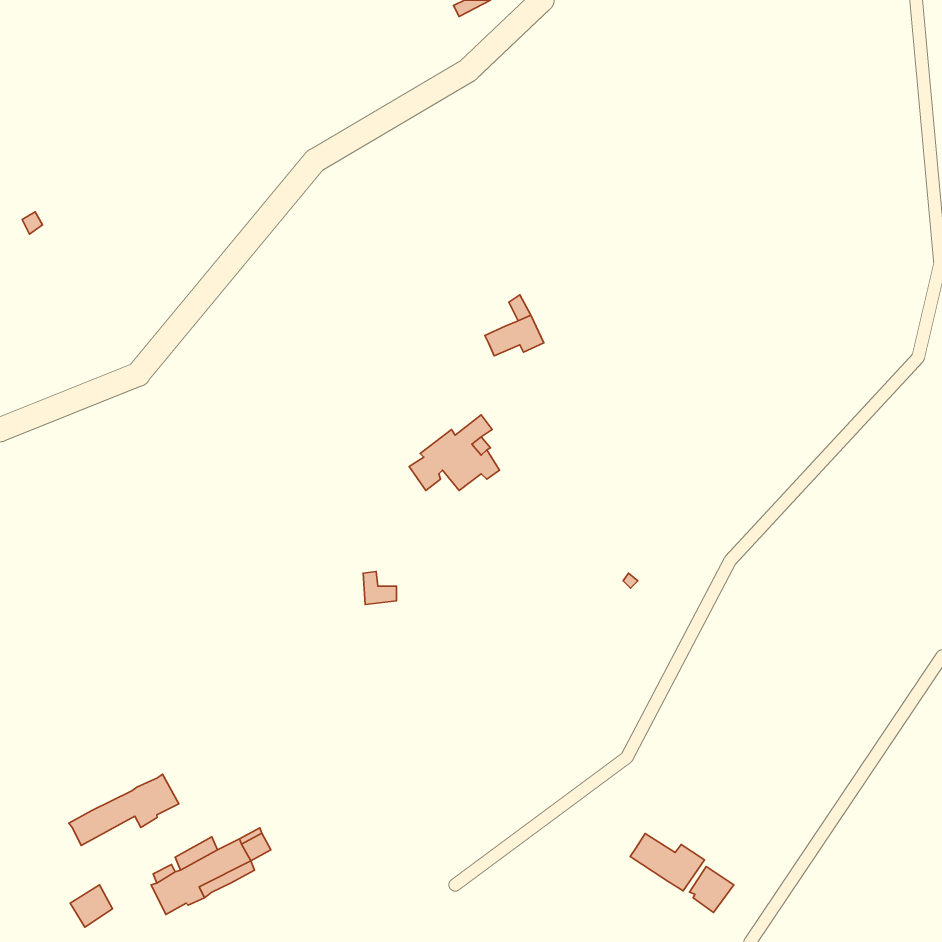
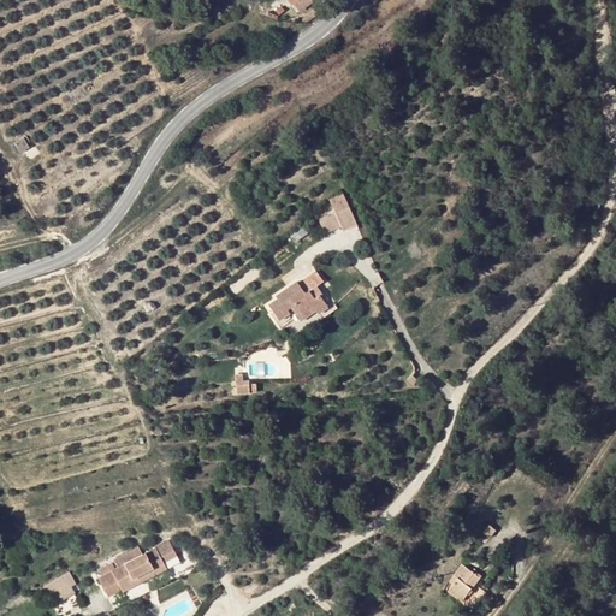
building: [69,774,179,845] -> none
building: [630,834,704,891] -> none

